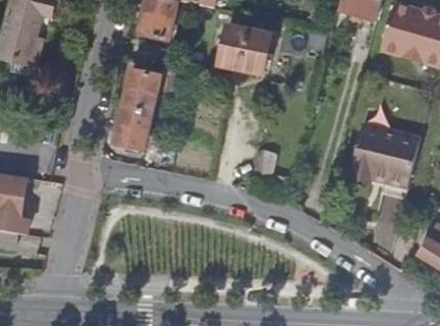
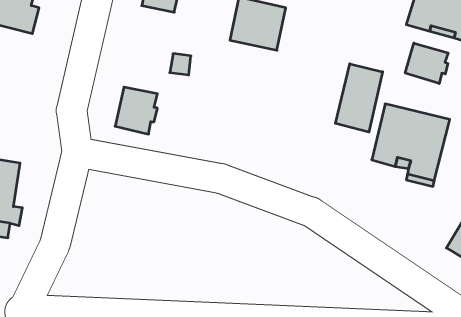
building: none -> [405,43,448,84]
building: [121,69,160,113] -> none
building: none -> [335,64,383,132]

